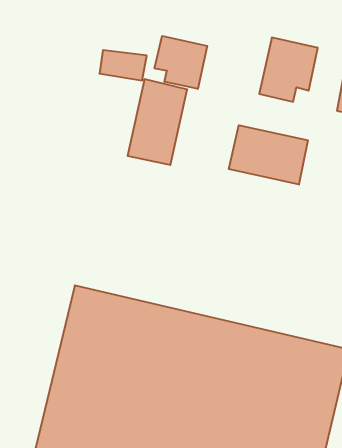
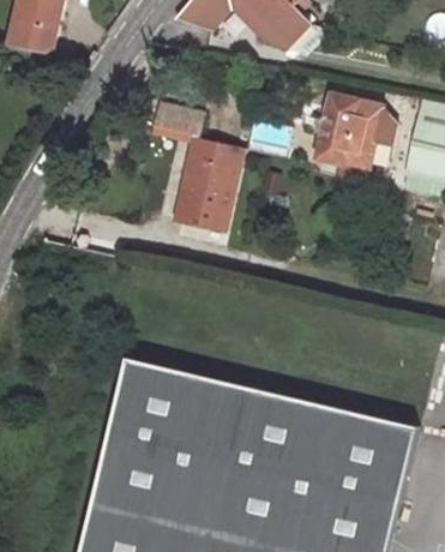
building: [155,36,207,89] -> none
building: [229,125,308,185] -> none

